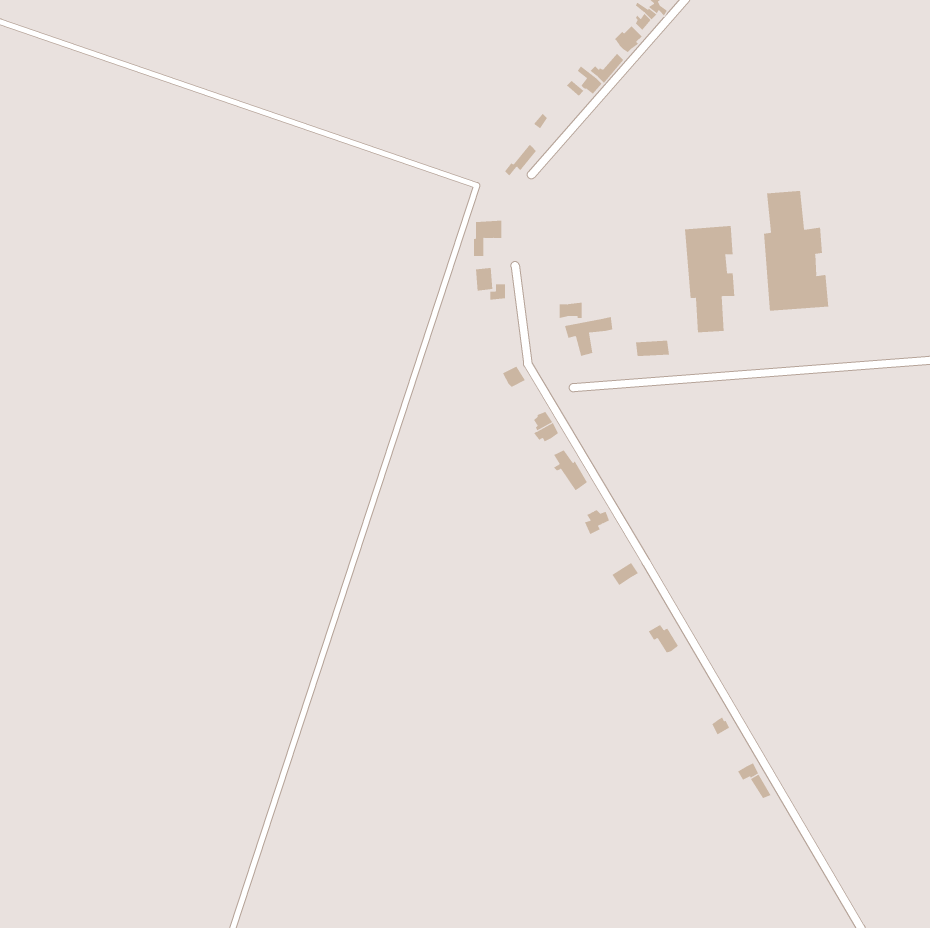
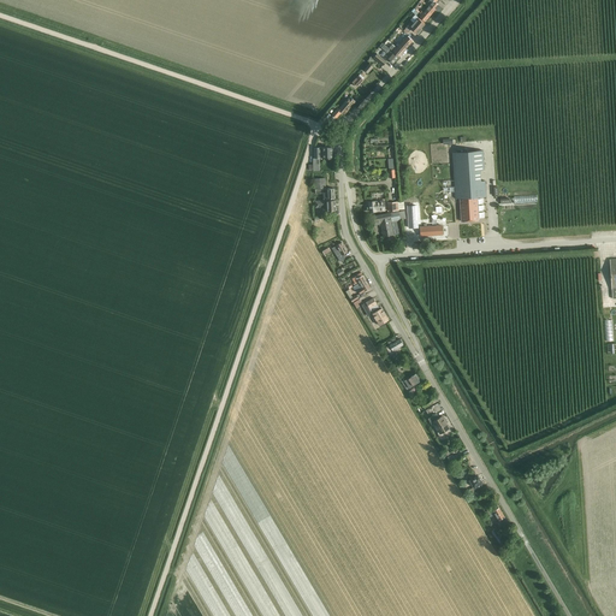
building: [764,190,829,312] -> none

